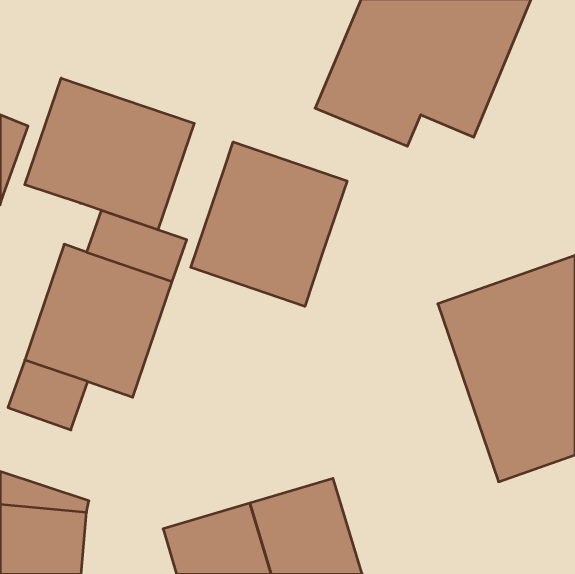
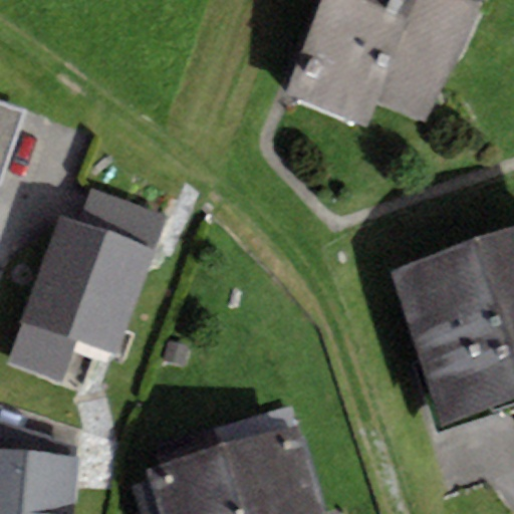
building: [25,78,194,230] -> none
building: [191,142,347,306] -> none

